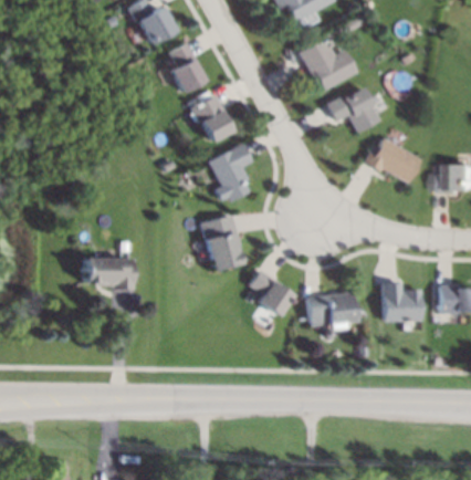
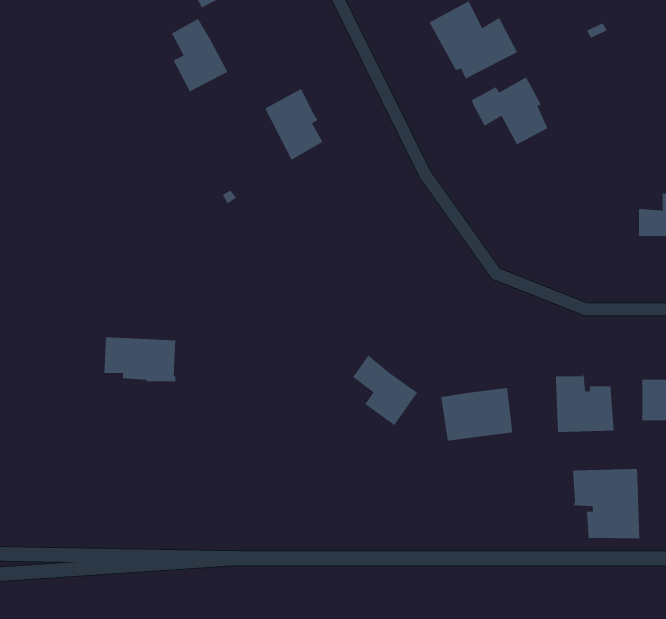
building: [170,43,208,92] -> [171,18,228,92]
building: [364,137,420,184] -> none
building: [210,145,252,200] -> none
building: [202,215,242,270] -> none
building: none -> [572,468,640,539]

